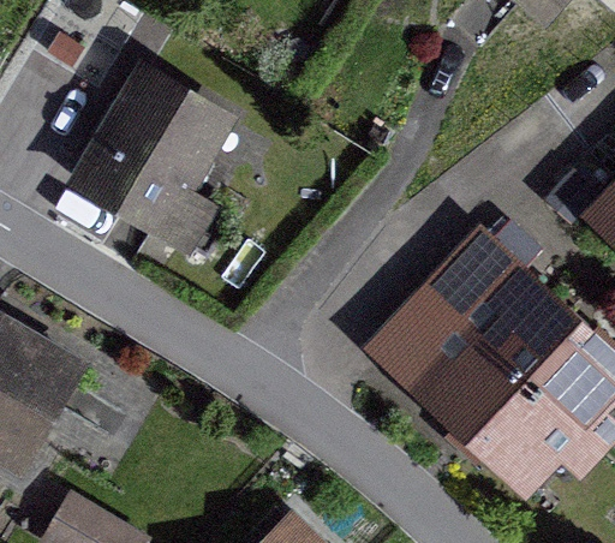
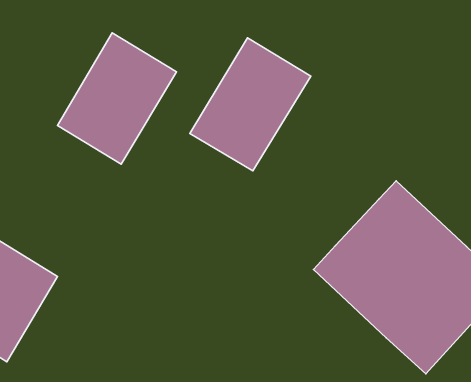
building: none -> [190,38,311,171]

